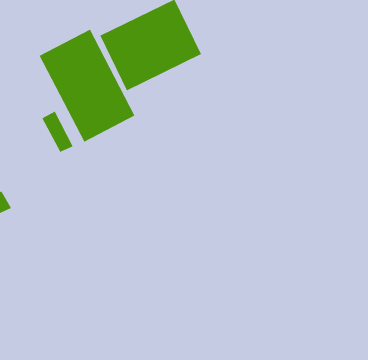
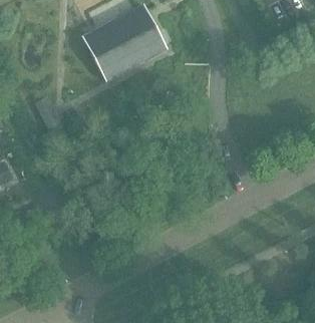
building: [39,29,135,143] -> none

